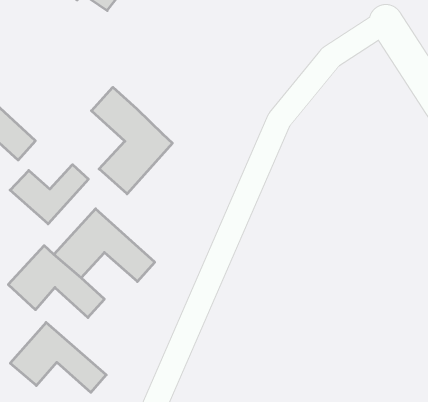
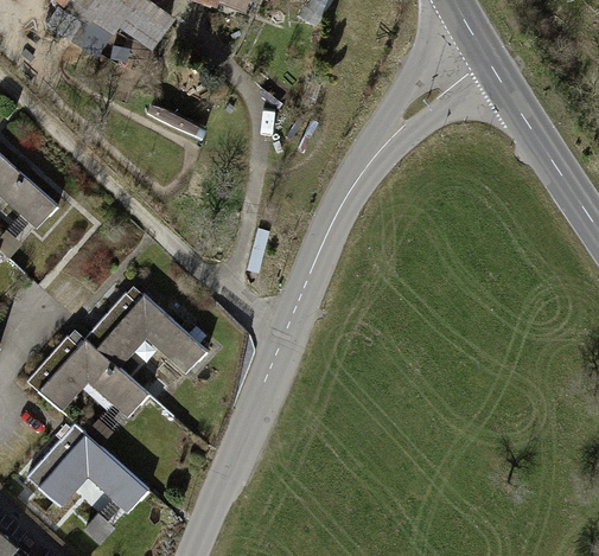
building: [91,87,172,194] -> none
building: [10,165,88,224] -> none

